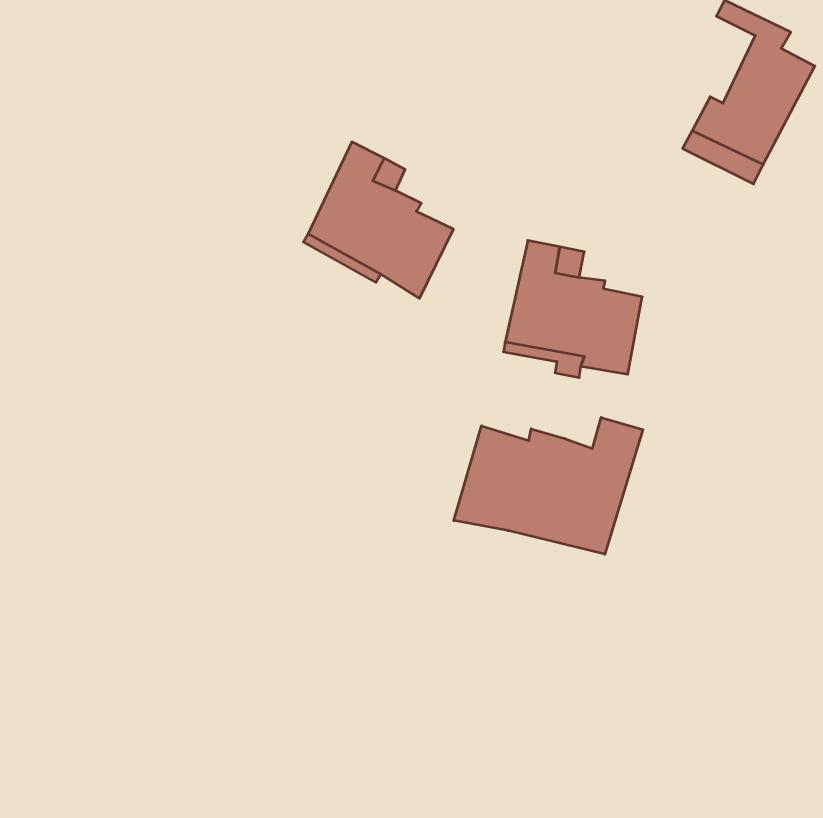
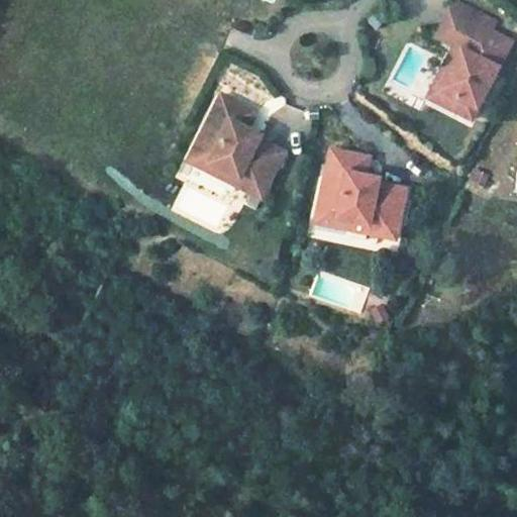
building: none -> [435,14,473,69]
building: [454,417,643,554] -> none

